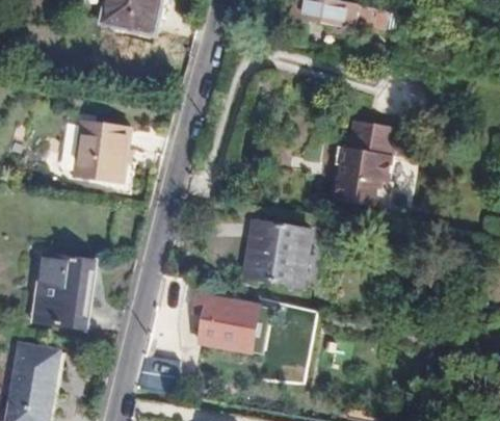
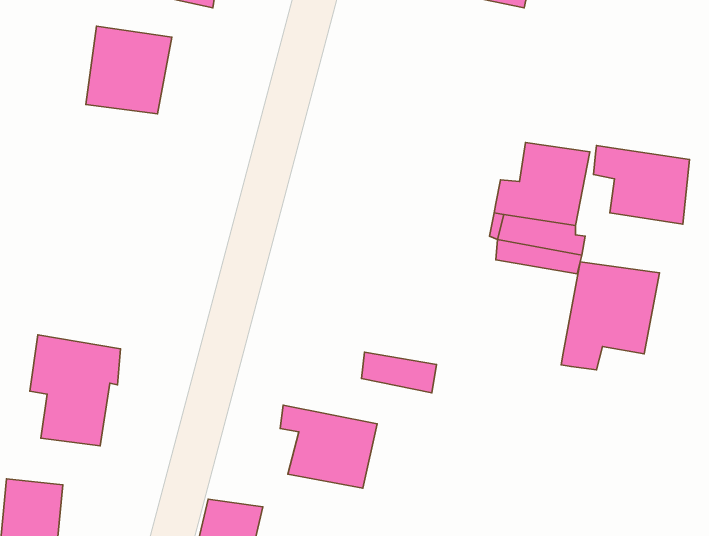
building: [75,120,132,178] -> [86,26,172,114]
building: none -> [593,146,689,224]
building: none -> [561,262,660,370]
building: [252,222,315,268] -> none

